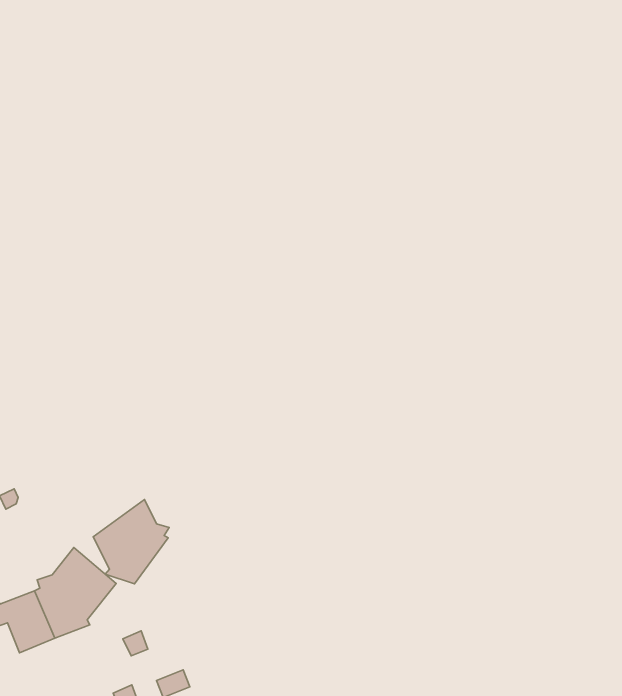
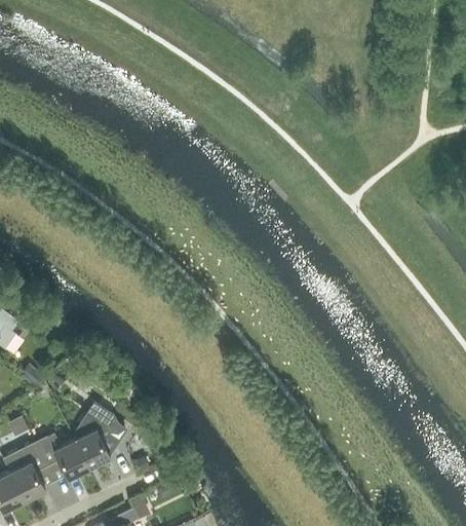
building: [93,499,169,584] -> none

